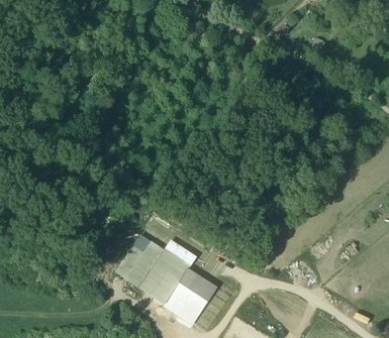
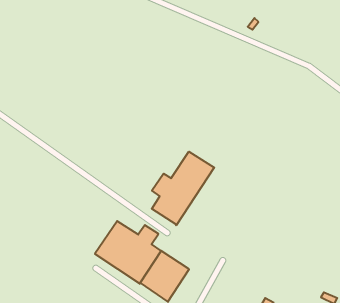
building: none -> [152,152,214,225]

